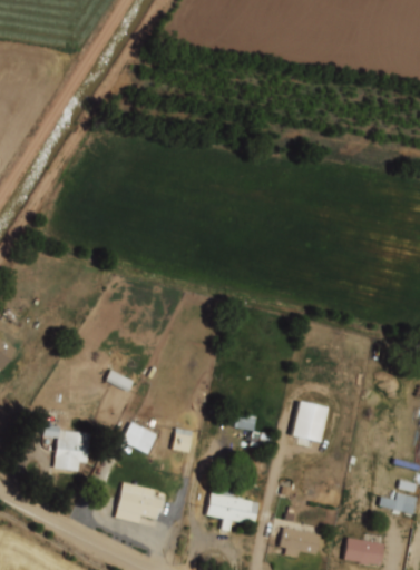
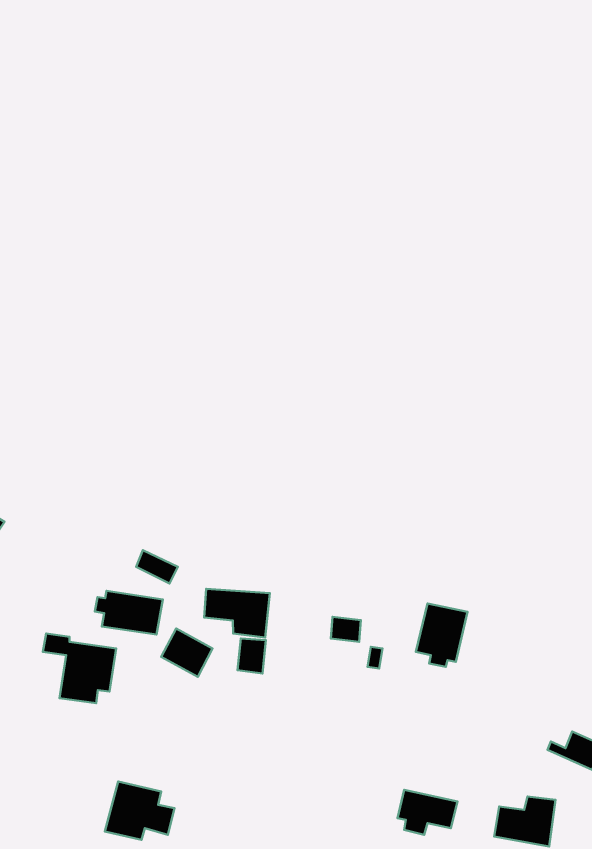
building: none -> [204,589,270,637]
building: none -> [95,591,163,634]
building: [115,484,162,523] -> [105,782,175,840]
building: [205,485,258,532] -> none

